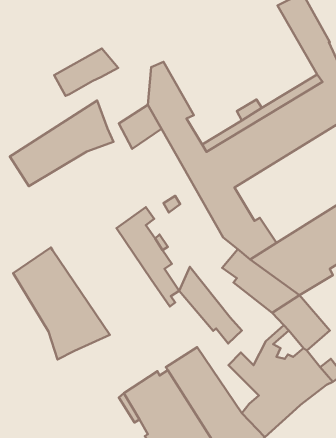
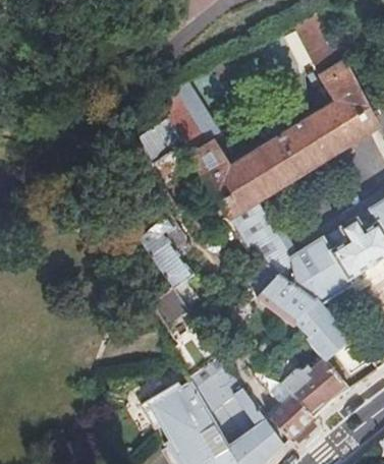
building: [54,48,118,96] -> none
building: [10,100,114,186] -> none
building: [13,248,110,359] -> none
building: [179,267,242,343] -> none

